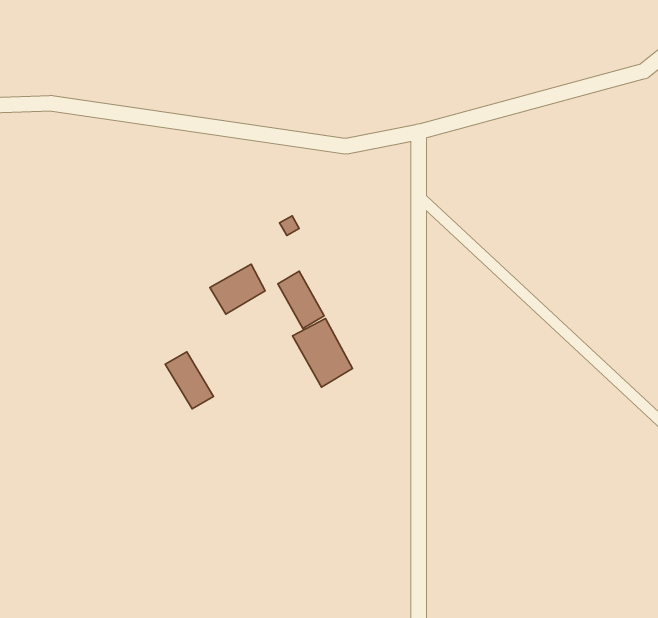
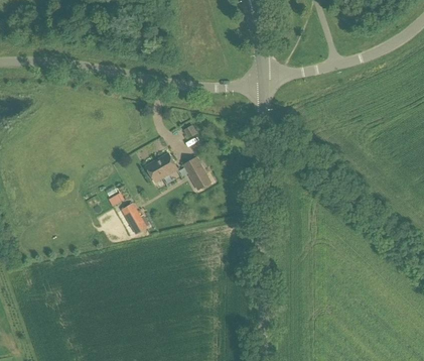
building: [293,318,352,387] -> none

